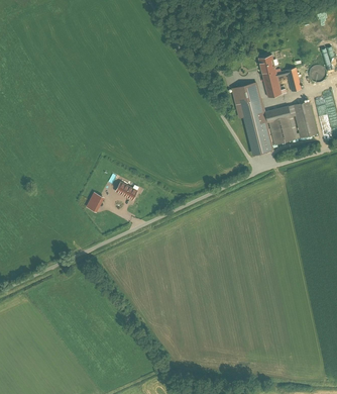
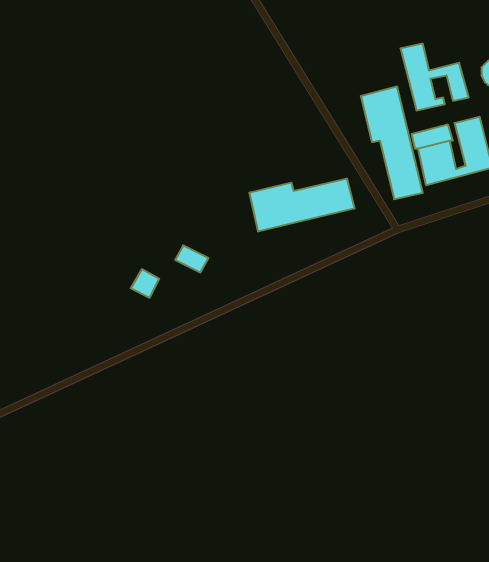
building: none -> [250,178,355,232]

